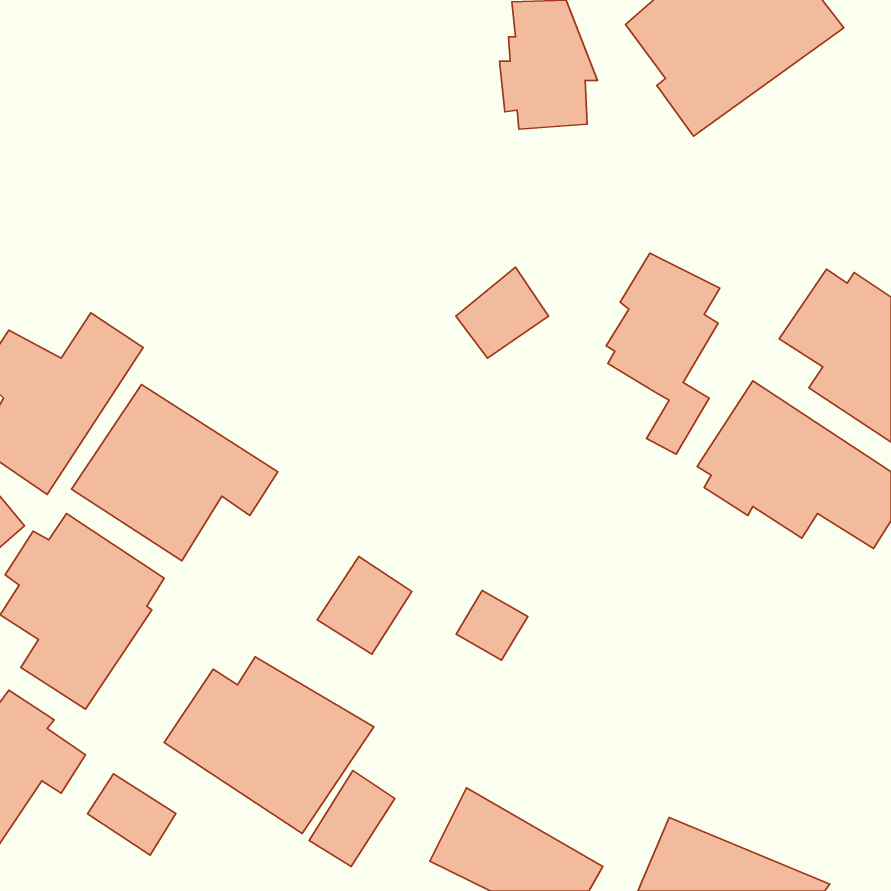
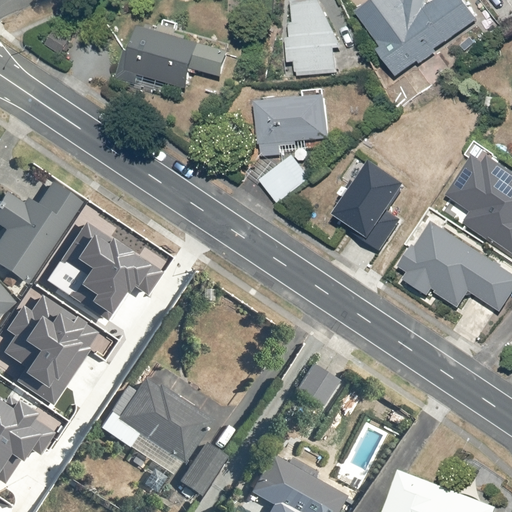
building: none -> [127,26,230,88]
building: none -> [257,99,331,156]
building: [317,556,412,654] -> none
building: [456,590,528,660] -> [295,364,336,404]
building: [87,774,176,855] -> none

